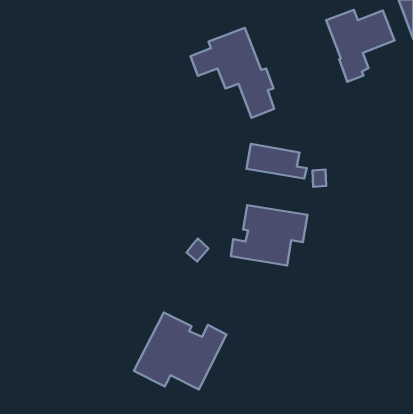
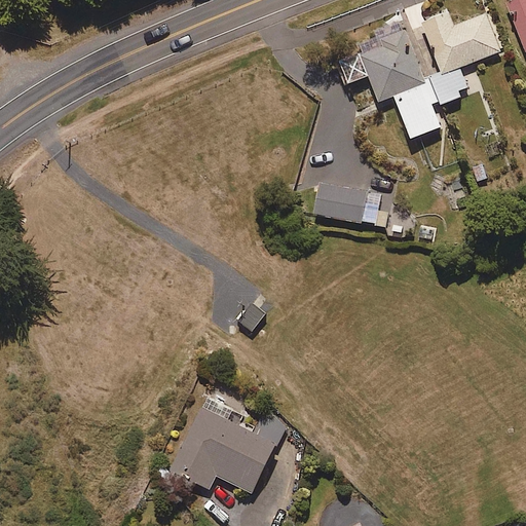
building: [191,28,274,118] -> [334,24,440,138]
building: [231,205,308,266] -> none

